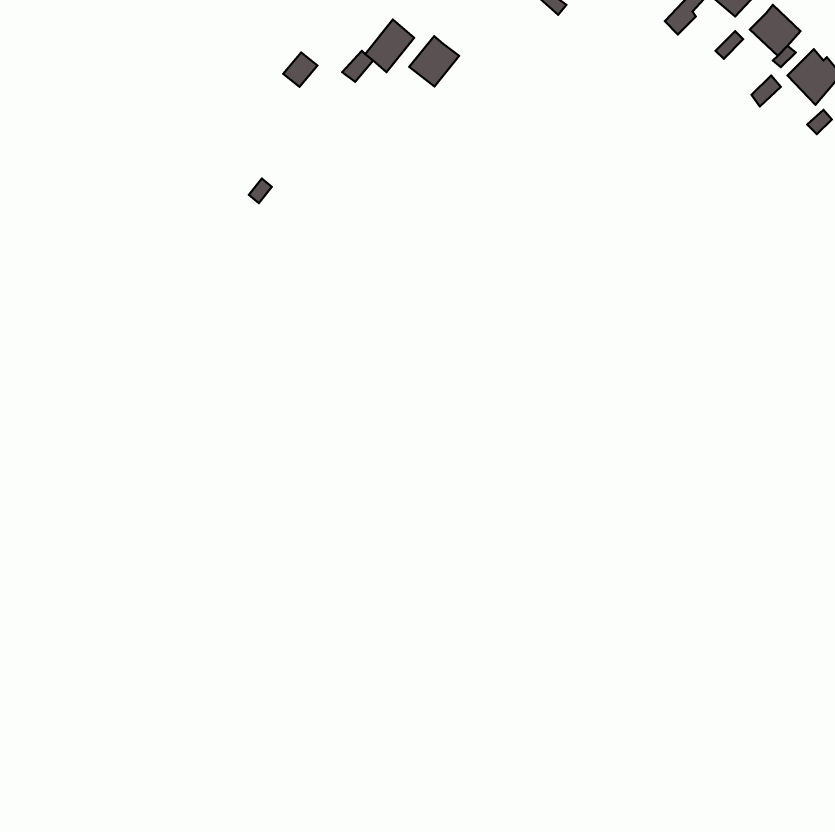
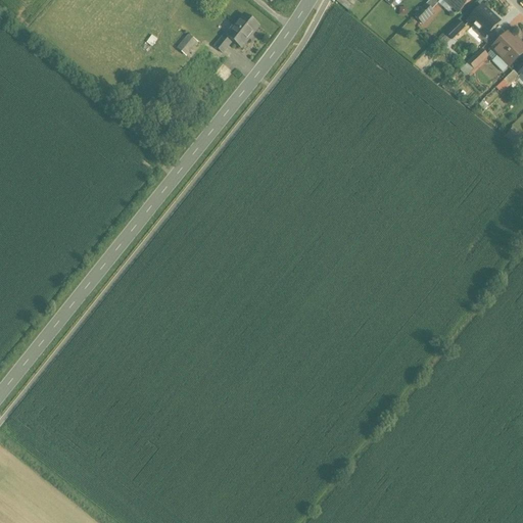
building: [409,36,459,87] -> none

